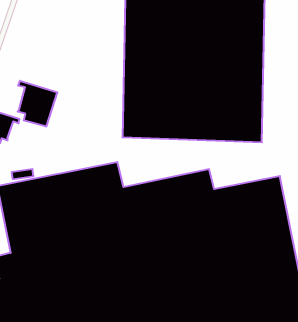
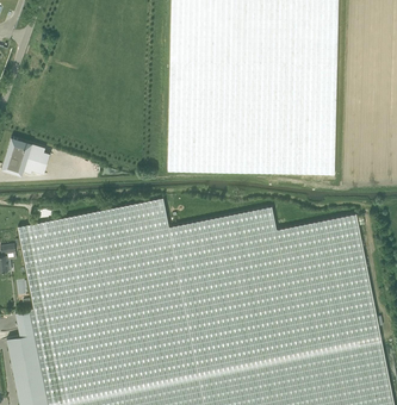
building: [18,81,57,127] -> none

